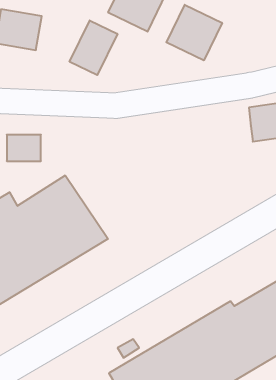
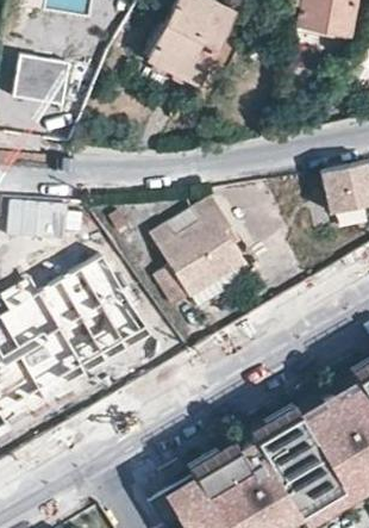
building: [166,5,222,60] -> none
building: [70,20,117,75] -> none
building: none -> [151,198,243,305]

